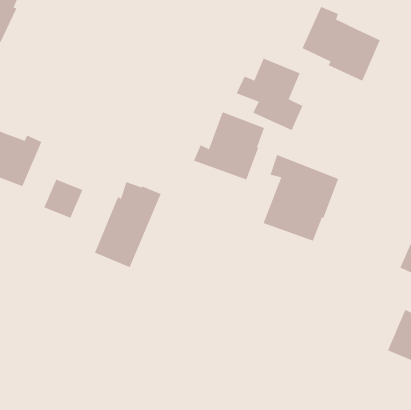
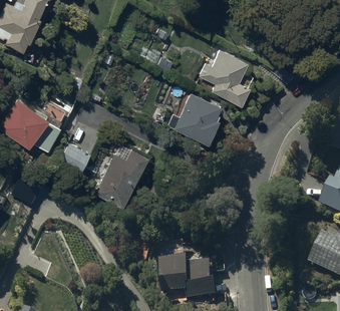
building: [302,6,380,81] -> none
building: [263,154,339,242] -> none
building: none -> [159,256,218,299]

